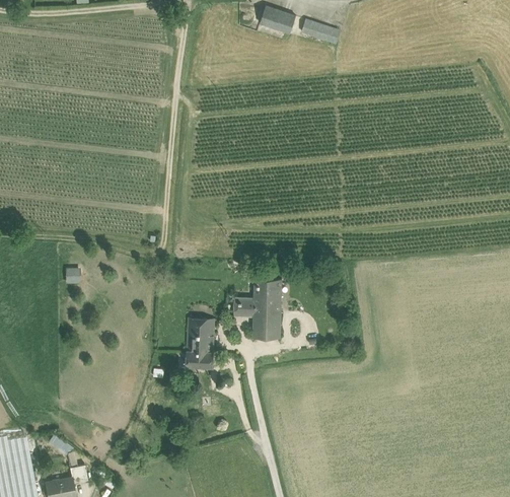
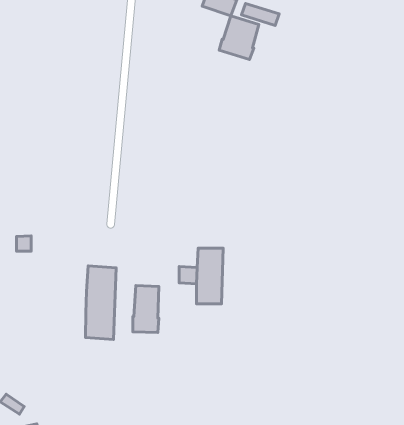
building: none -> [219,16,259,60]
building: none -> [85,266,116,340]

